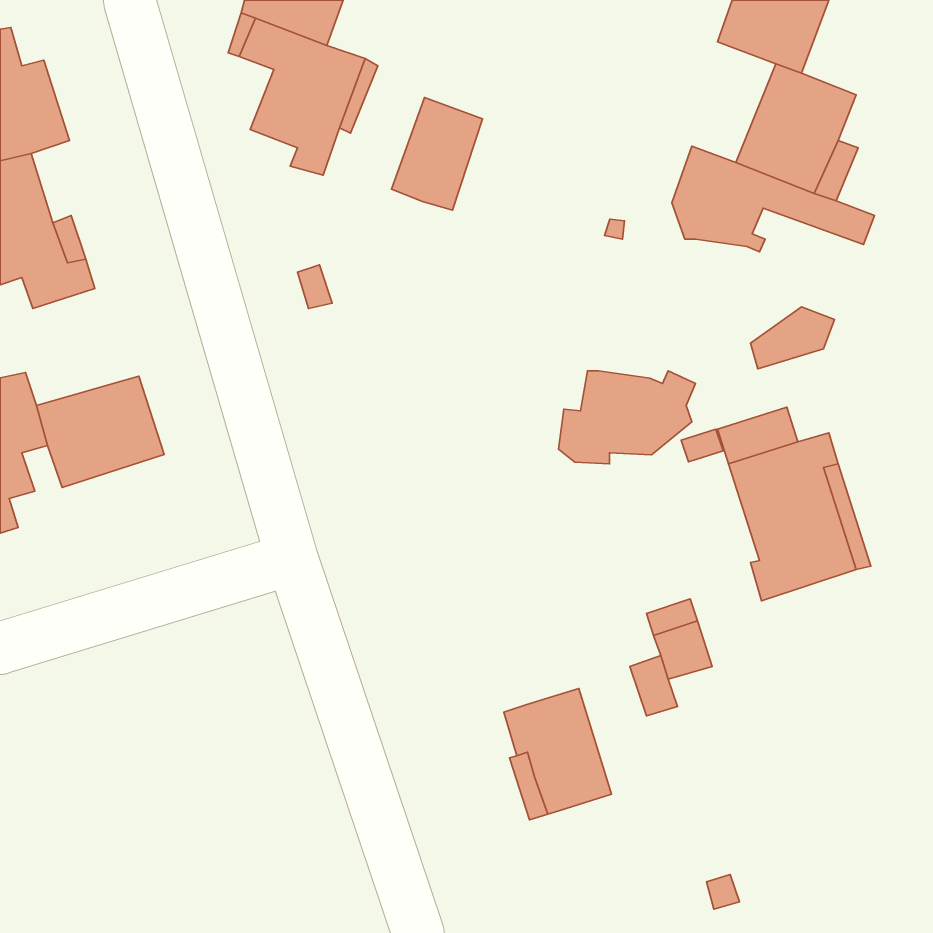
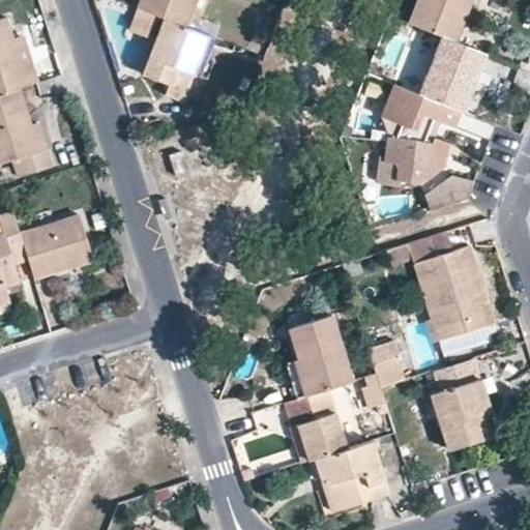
building: [391,98,483,210] -> none
building: [558,371,695,464] -> [372,136,449,188]
building: none -> [288,318,353,400]
building: none -> [432,361,492,454]
building: none -> [317,443,389,512]

